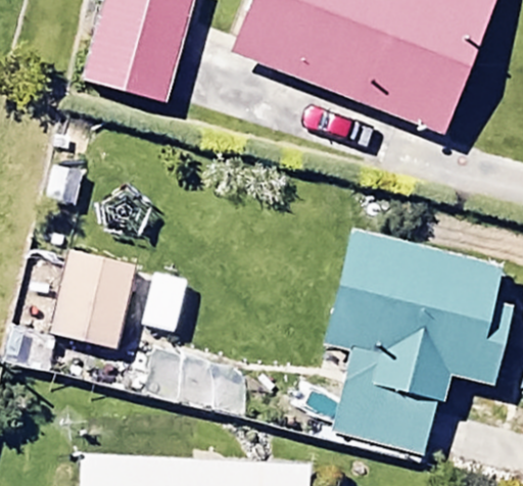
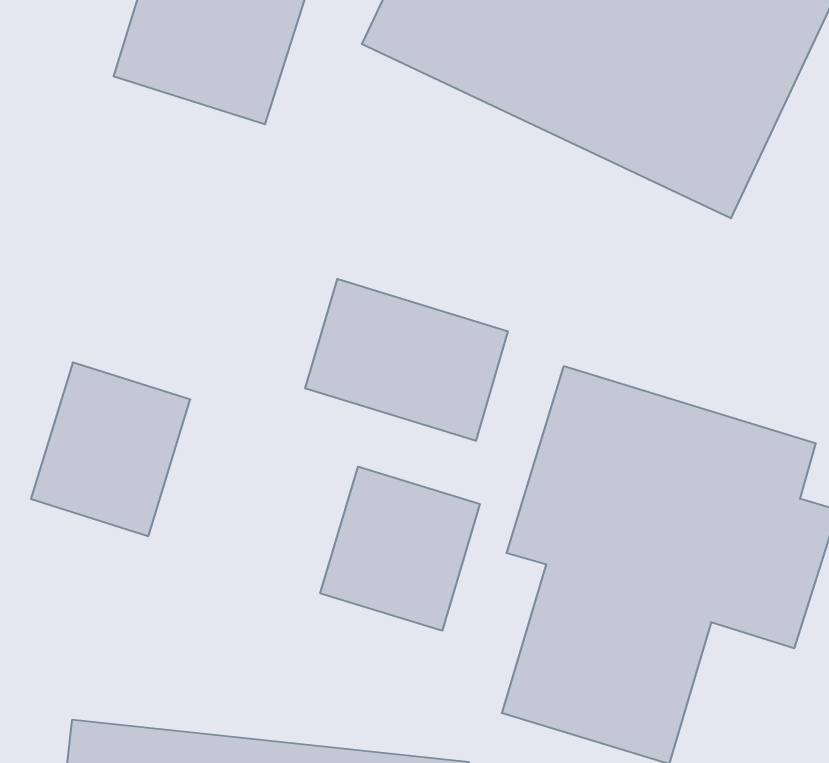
building: none -> [305,279,508,441]
building: none -> [320,467,480,631]

